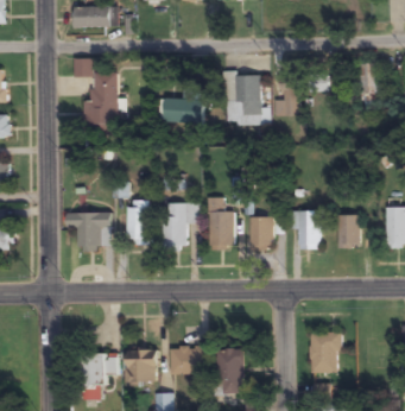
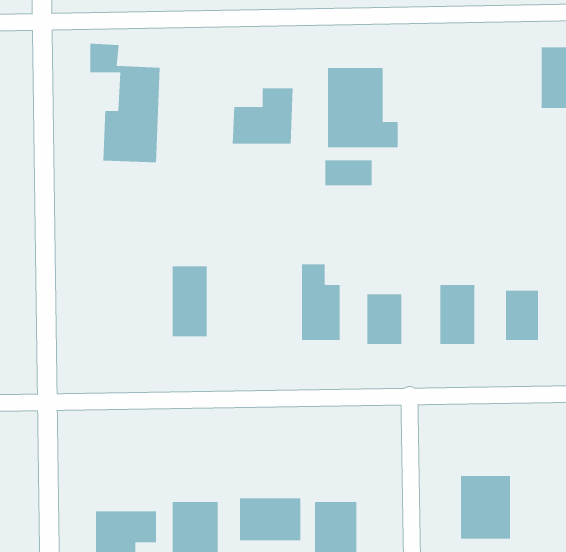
building: none -> [325,160,372,186]
building: [162,203,198,249] -> none
building: [67,214,110,249] -> none

